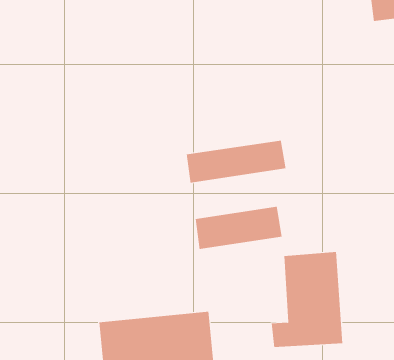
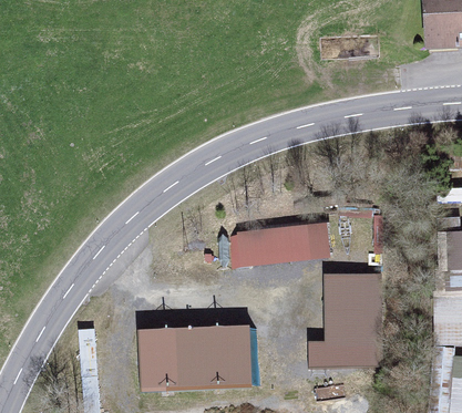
building: [186,140,286,183] -> none

